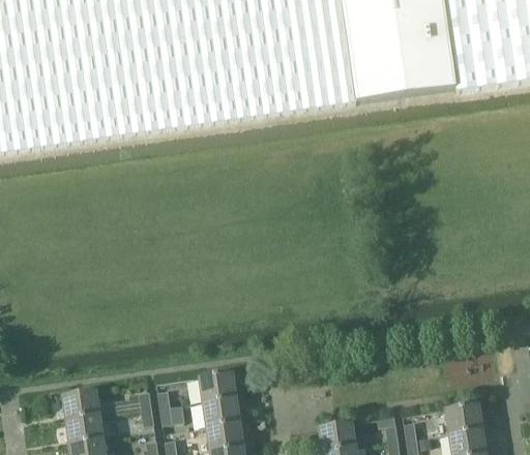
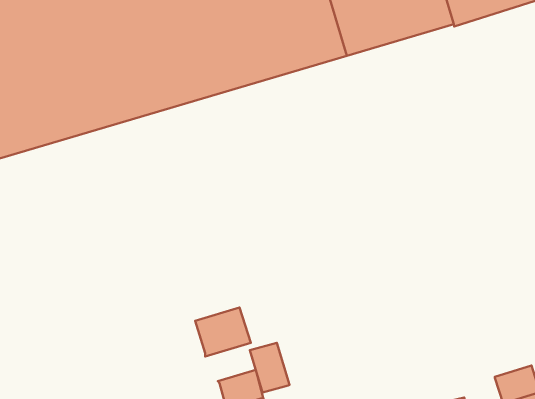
building: none -> [195,308,251,356]
building: none -> [250,343,289,392]

